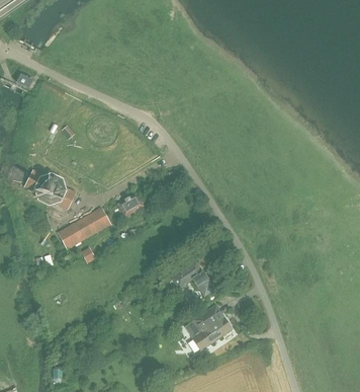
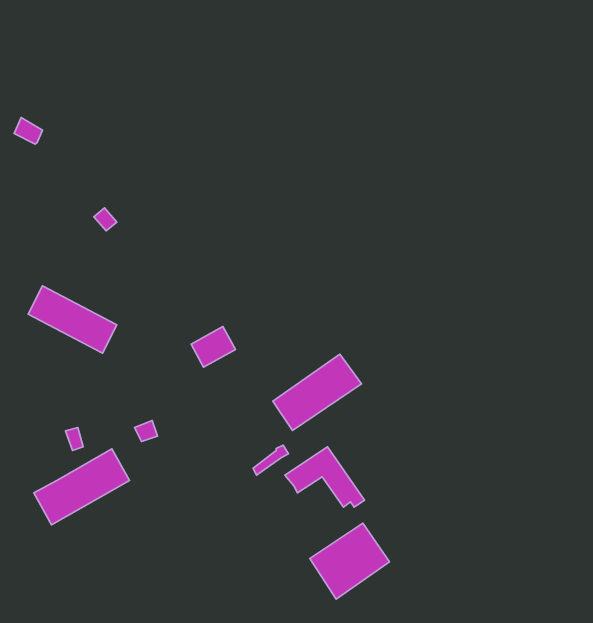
building: [57,207,111,250] -> [34,449,130,525]
building: none -> [273,354,361,431]

